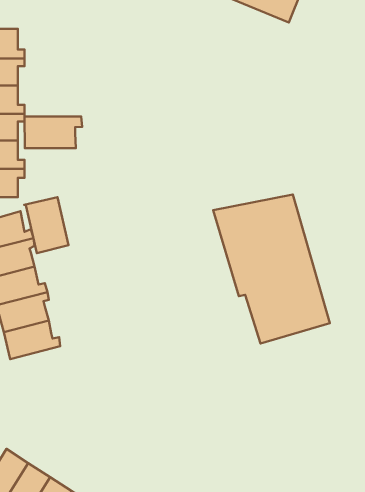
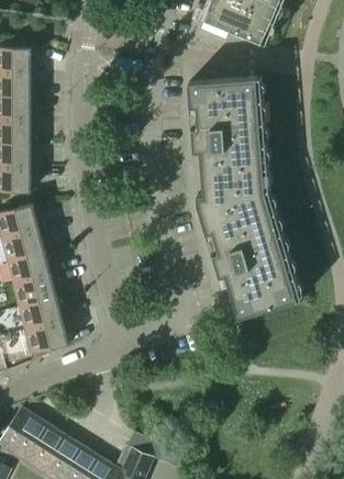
building: none -> [189,77,266,202]
building: [24,117,82,148] -> none
building: [24,197,68,253] -> none
building: none -> [24,319,69,354]

